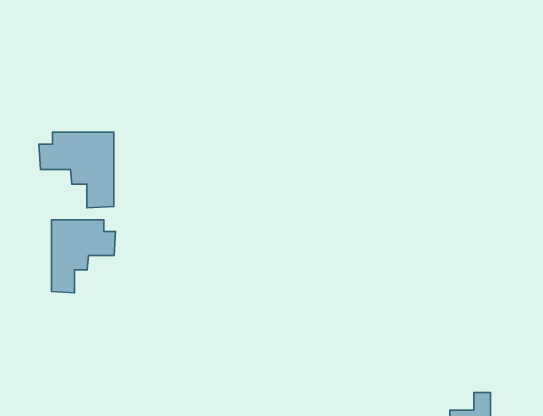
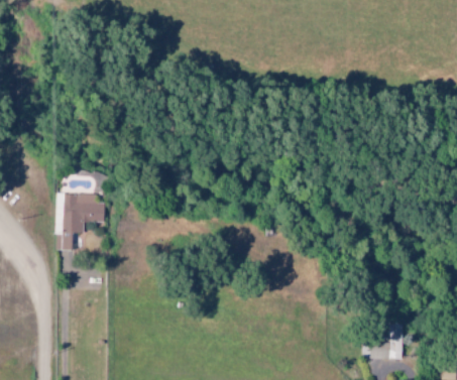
building: [39,132,114,208] -> none

